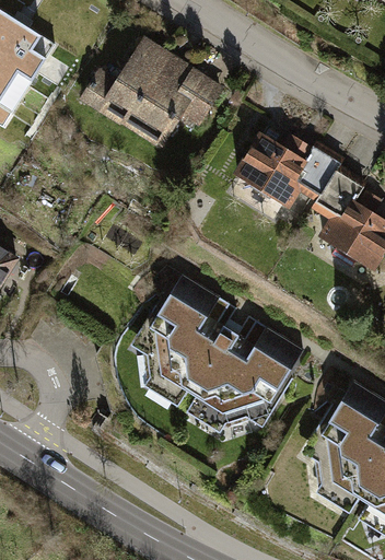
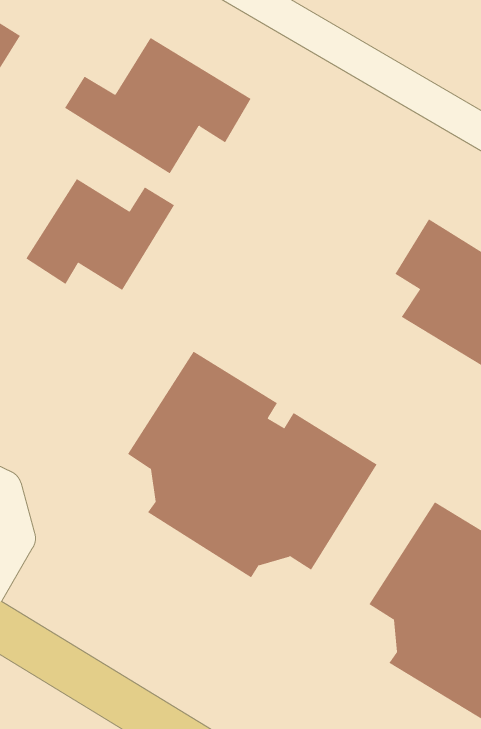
building: [226,120,339,229] -> none
building: none -> [25,178,175,291]

